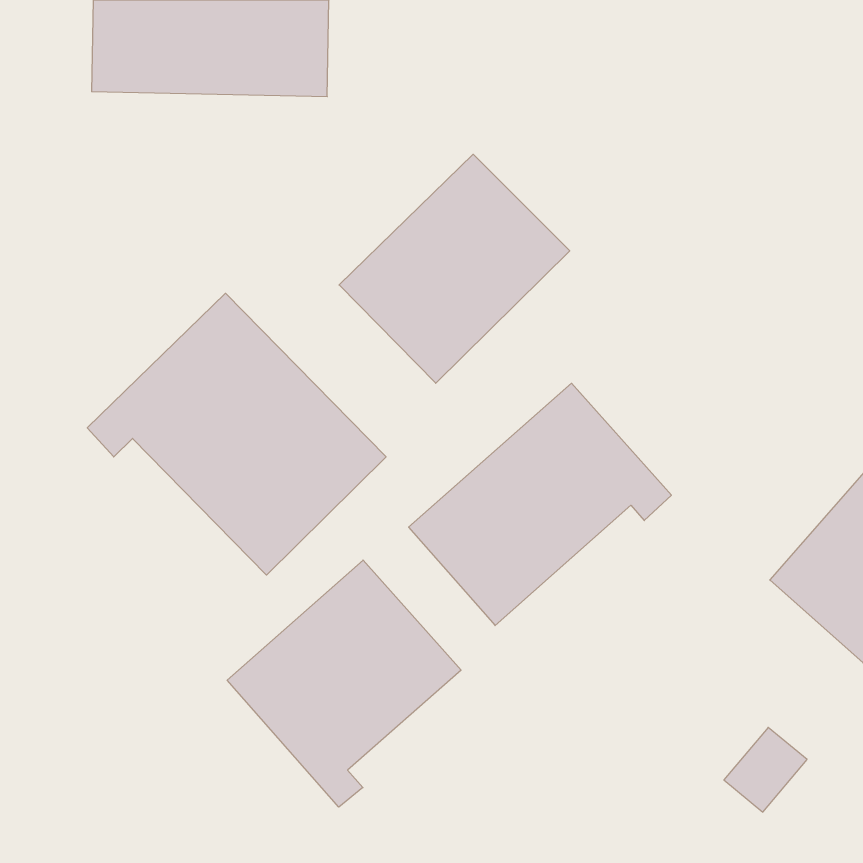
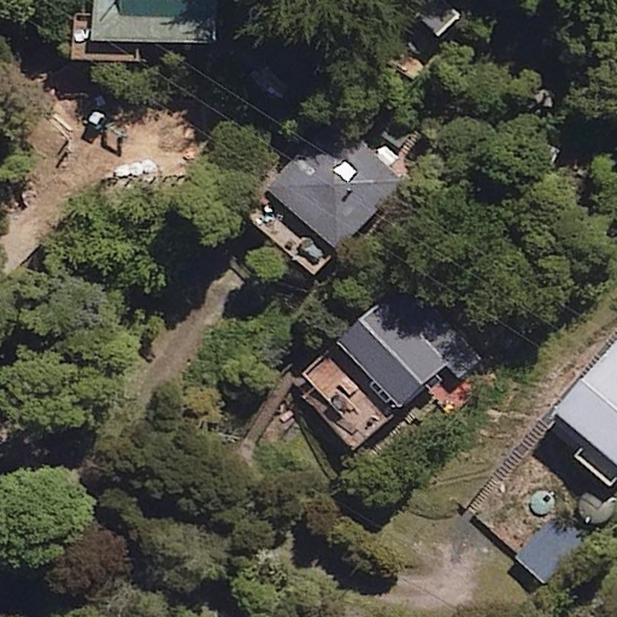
building: [87,293,386,575] -> none
building: [227,560,461,807] -> none

